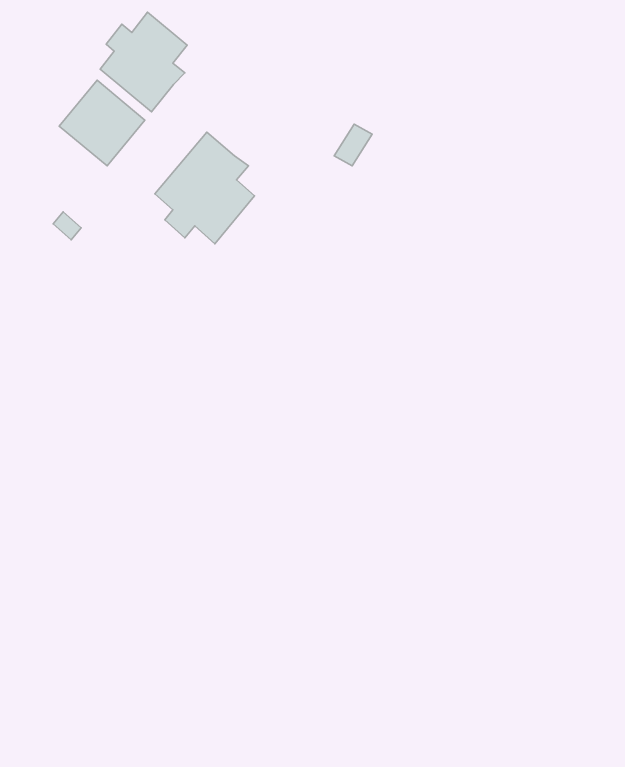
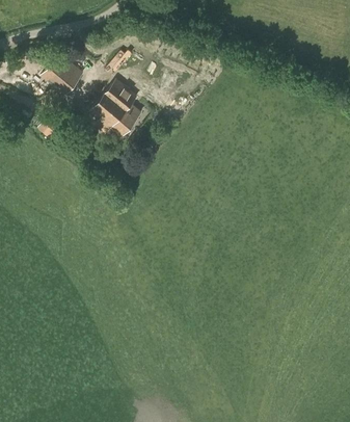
building: [100,12,187,112] -> none

